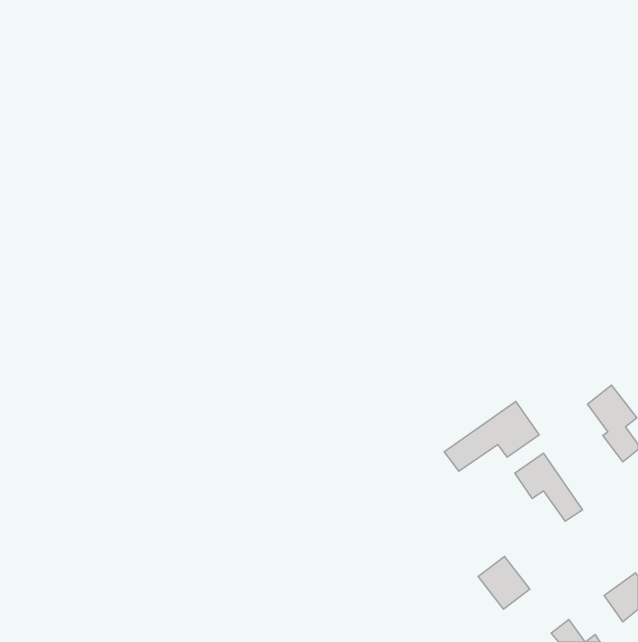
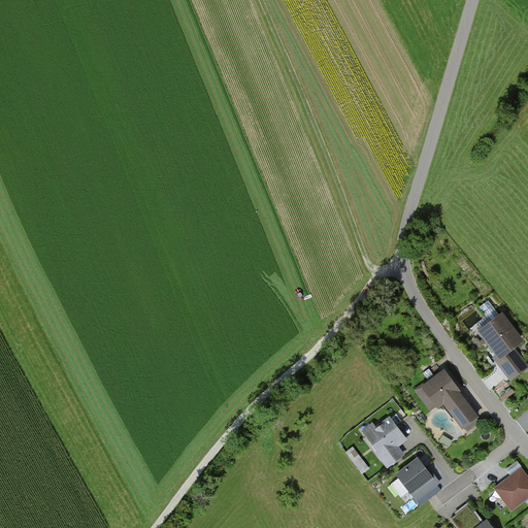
building: [444,401,539,471] -> none
building: none -> [363,419,405,469]

